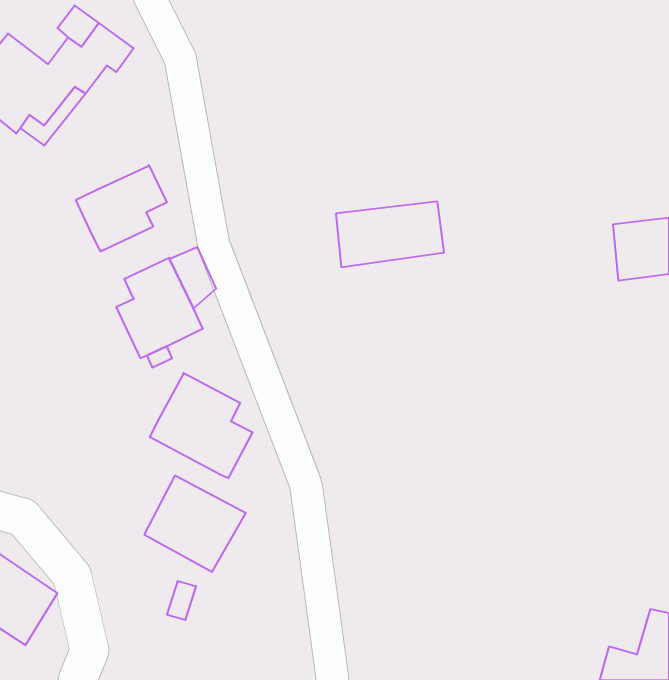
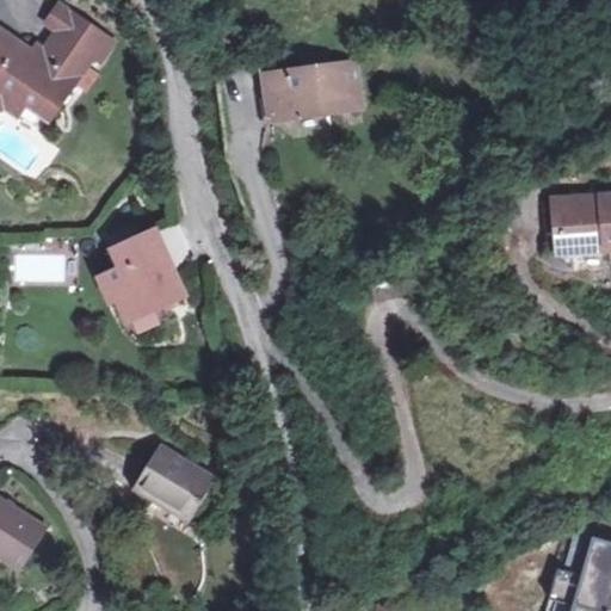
building: [76,165,167,252] -> none
building: [336,202,444,267] -> [264,63,360,122]
building: [150,373,253,478] -> none

